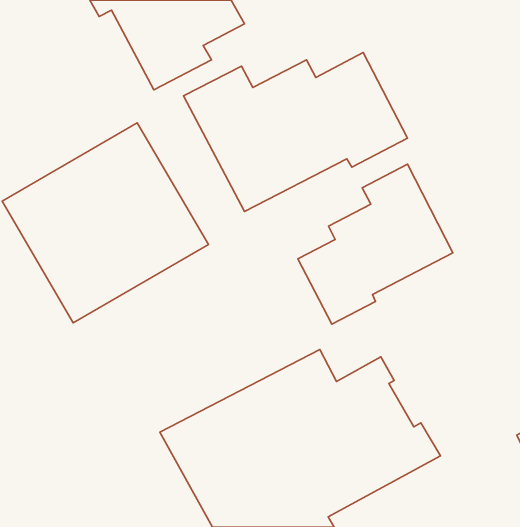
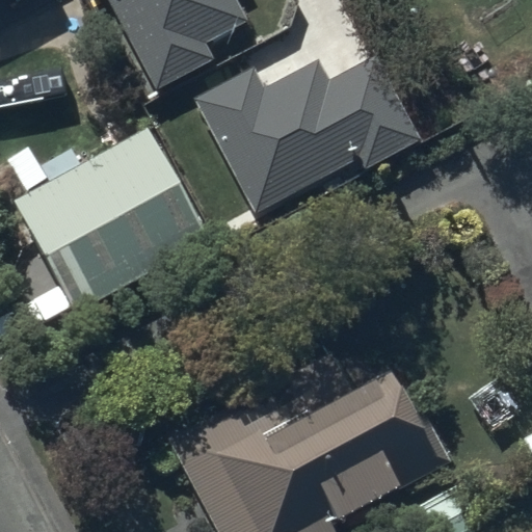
building: [298,164,453,324] -> none

